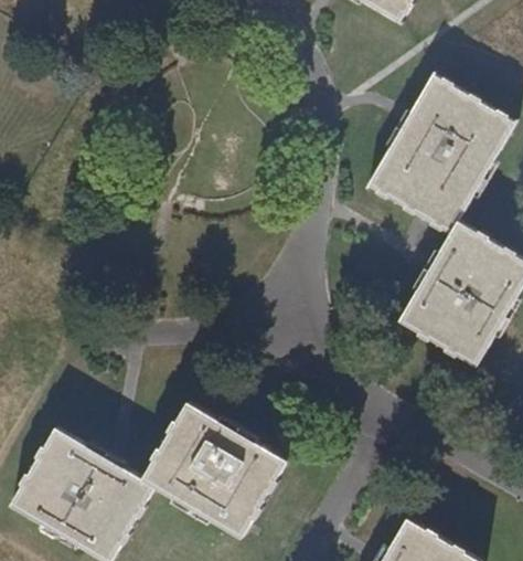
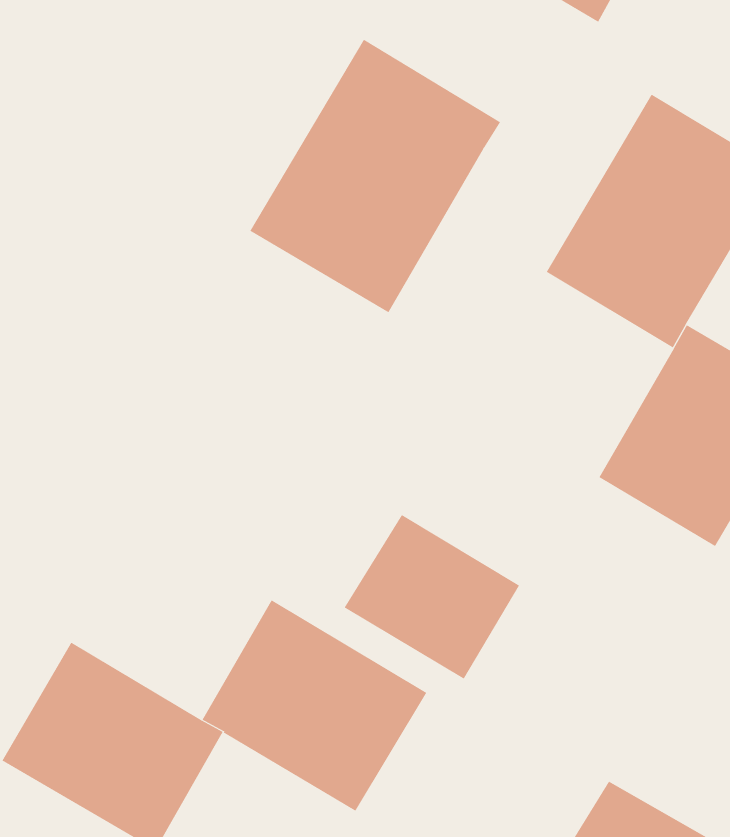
building: none -> [250,39,501,313]
building: none -> [344,514,520,679]

